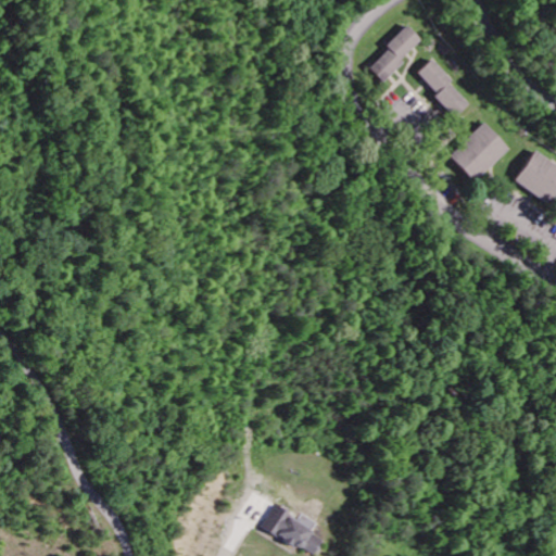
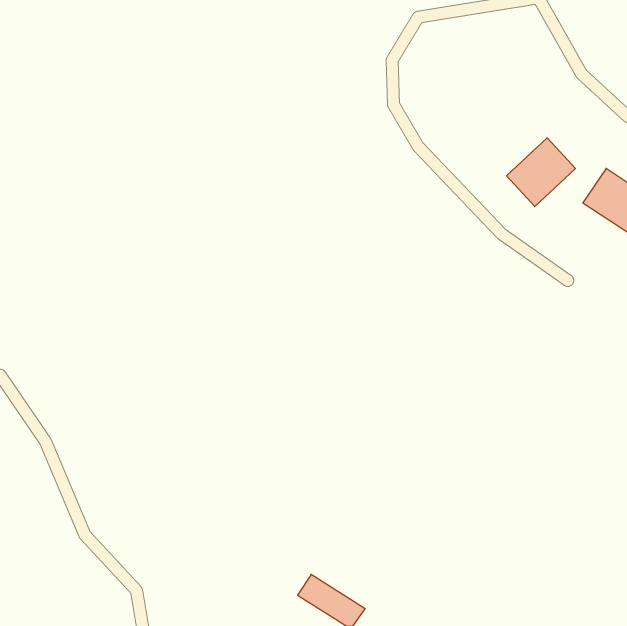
building: [367,26,421,81] -> none
building: [416,59,471,115] -> none

